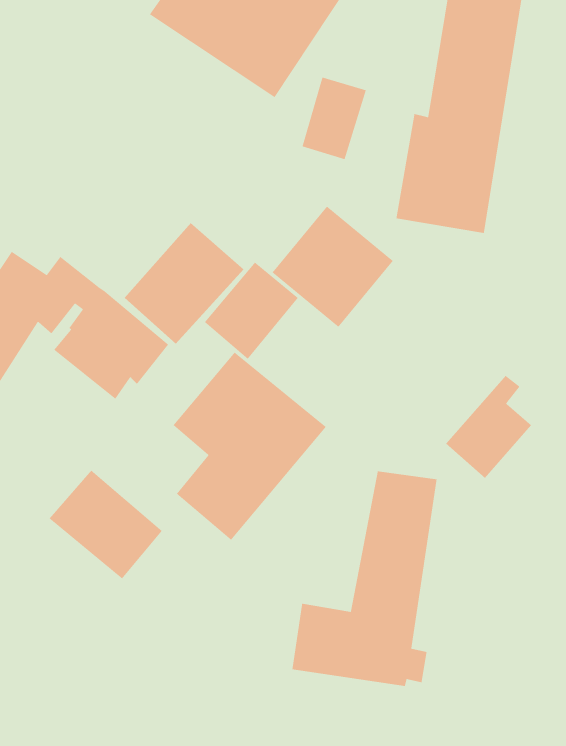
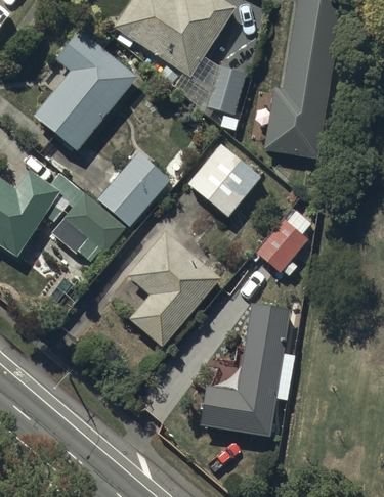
building: none -> [34,30,136,150]
building: [204,262,299,360] -> none
building: [445,375,532,479] -> [255,208,308,271]
building: [49,470,163,579] -> none

